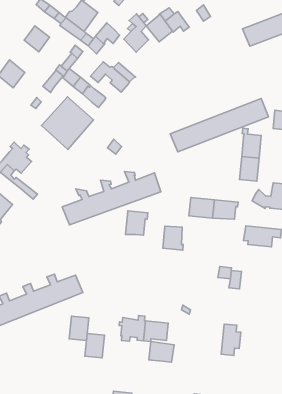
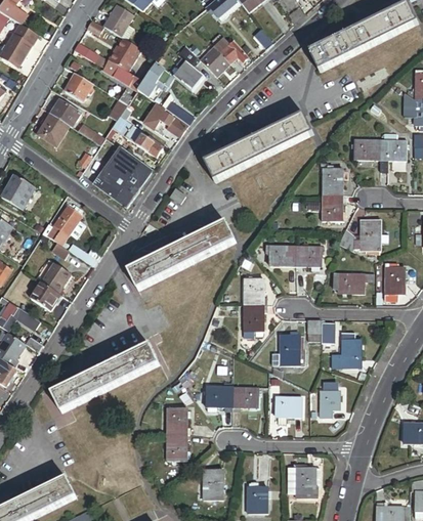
building: none -> [51,98,82,126]
building: [170,99,269,152] -> [204,114,311,182]
building: [125,211,148,235] -> [243,305,265,332]
building: none -> [279,330,299,364]
building: none -> [342,338,362,364]
building: [69,316,89,341] -> [168,434,187,460]
building: [149,342,174,362] -> [276,396,302,417]

